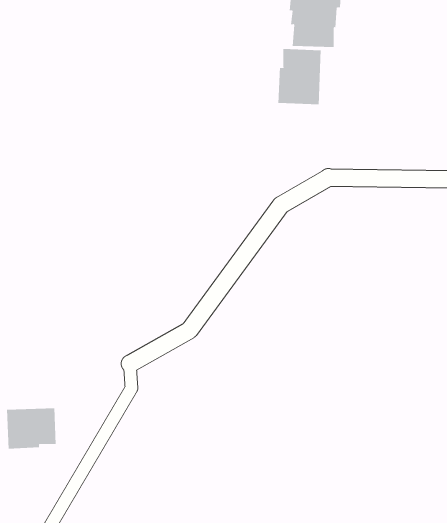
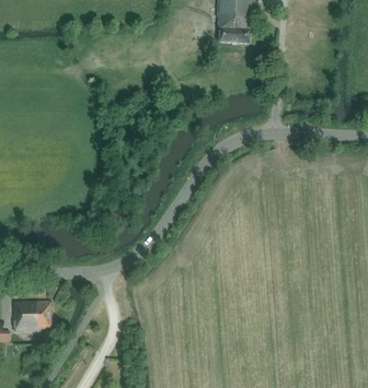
building: [278,48,321,105] -> none

